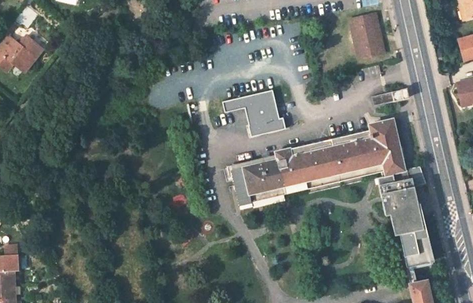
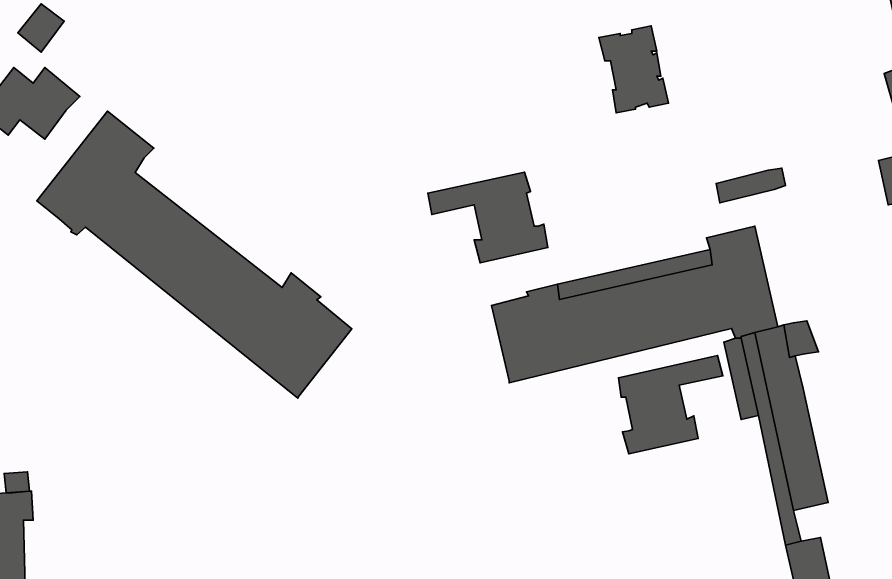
building: [350,13,386,58] -> [599,26,669,113]
building: none -> [37,111,352,398]
building: [230,159,266,209] -> none
building: none -> [619,356,723,454]

